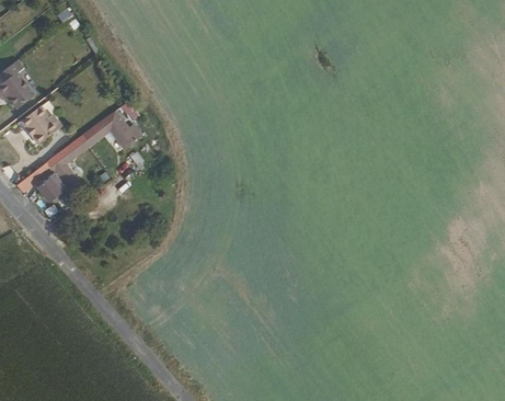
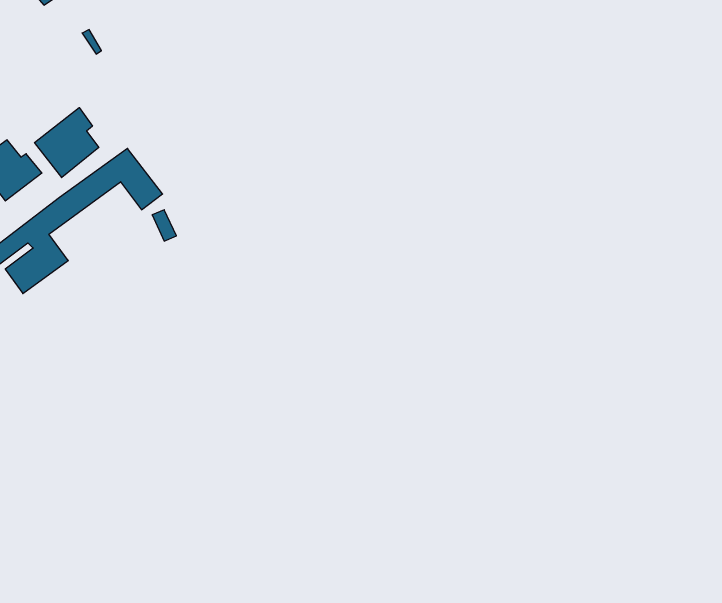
building: none -> [35,108,99,178]

